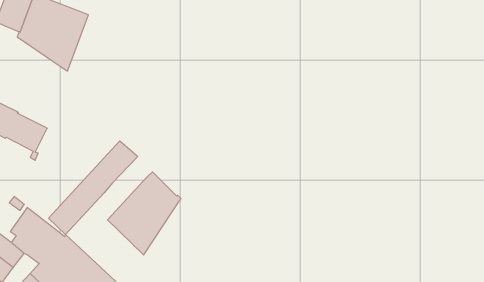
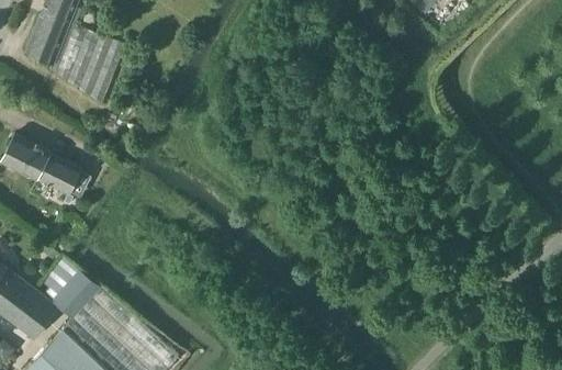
building: [49,141,138,235] -> none
building: [108,172,181,255] -> none

